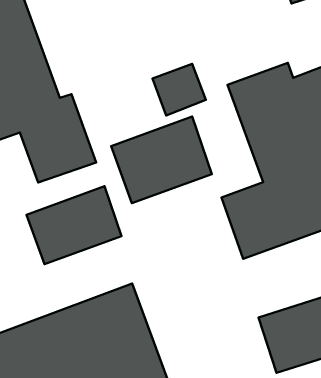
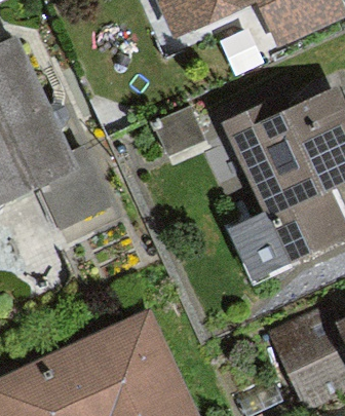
building: [111,116,212,203] -> none
building: [27,186,122,264] -> none

